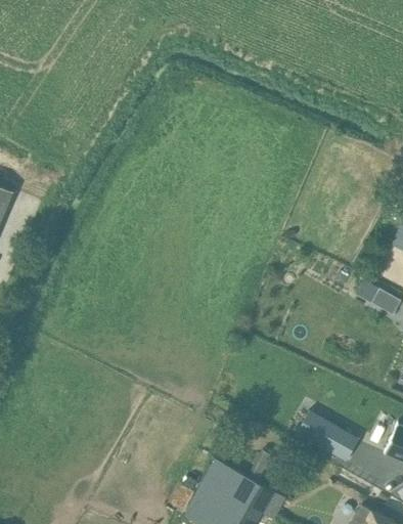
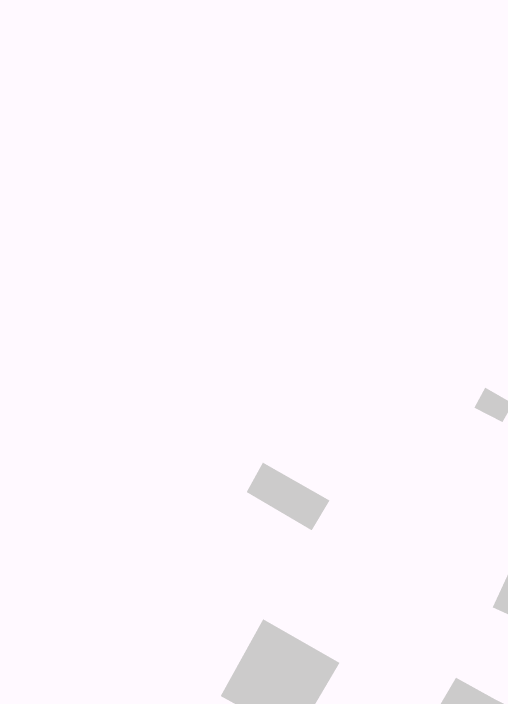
building: [296,410,358,462] -> [246,462,330,531]

